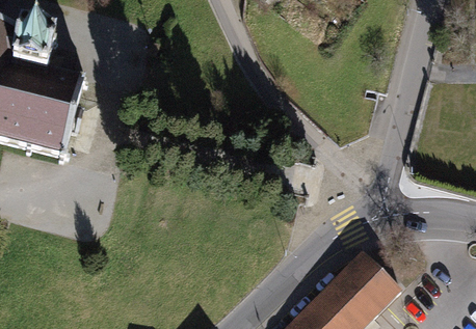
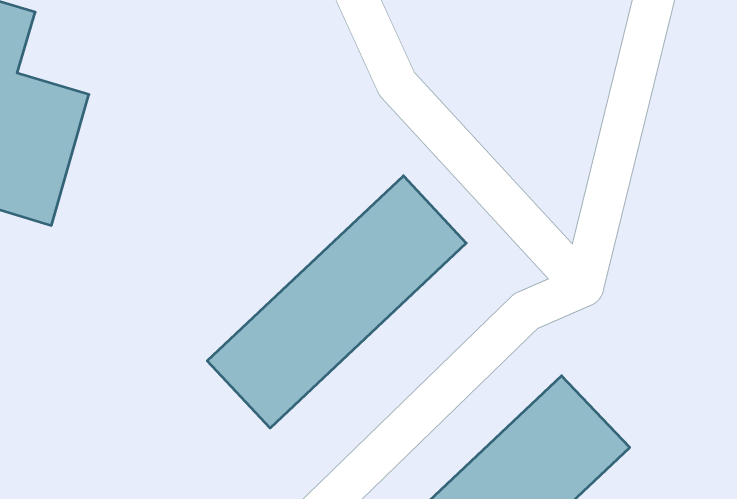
building: none -> [207,176,466,428]

